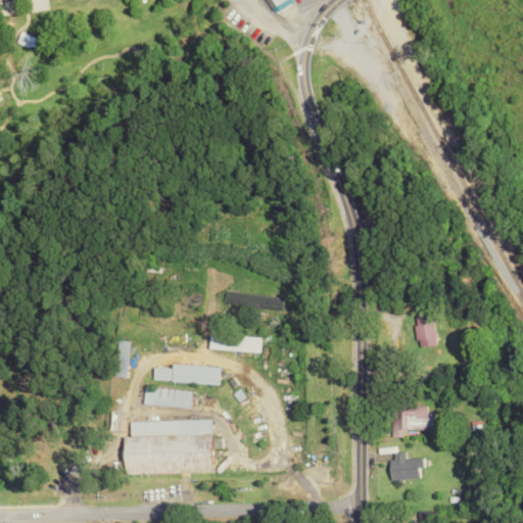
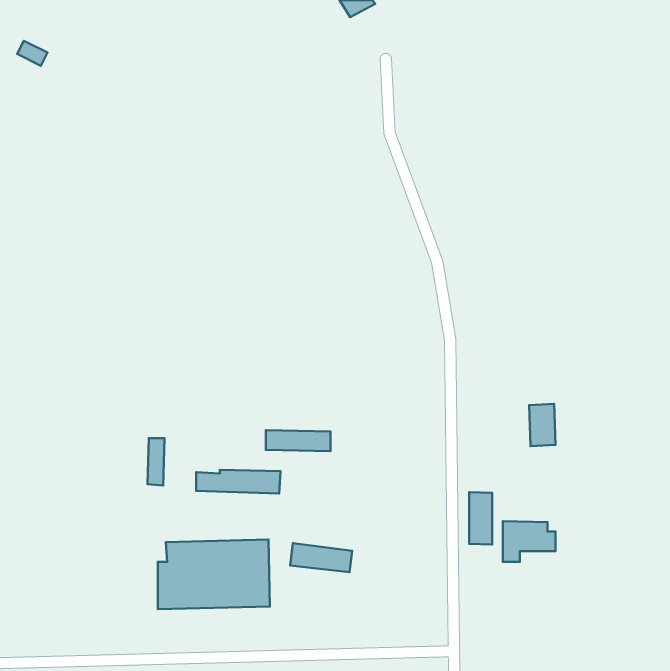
building: none -> [469,492,492,545]
building: [145,386,193,409] -> [290,543,352,572]
building: [391,453,425,480] -> none

